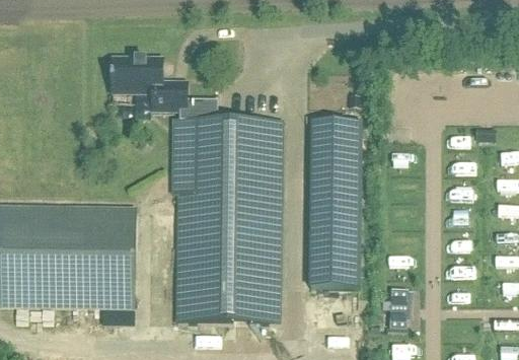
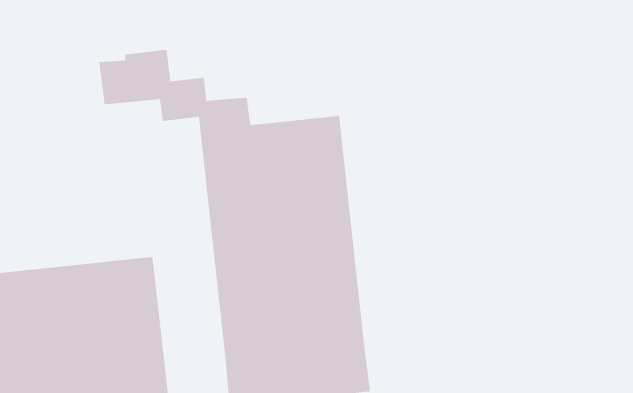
building: [308,121,360,285] -> none

